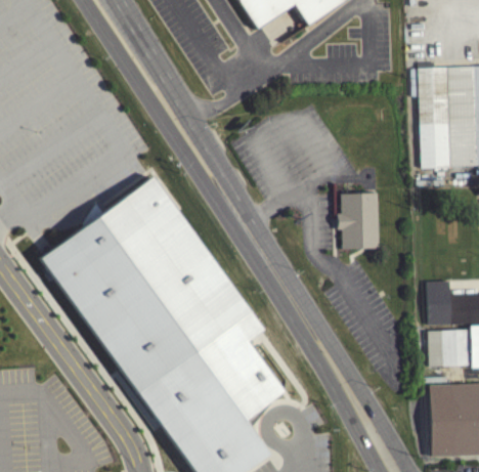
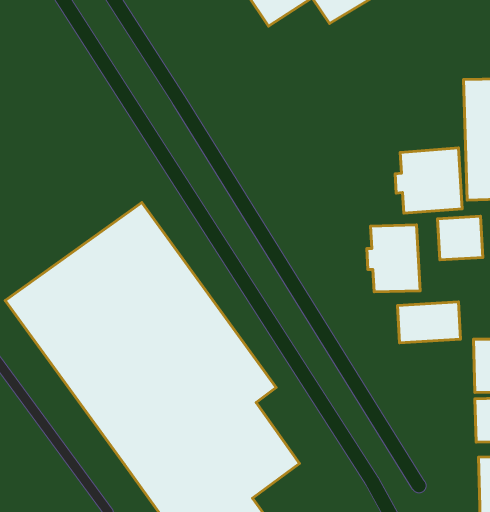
building: none -> [395,148,462,213]
building: none -> [438,216,483,260]
building: none -> [397,302,461,343]

